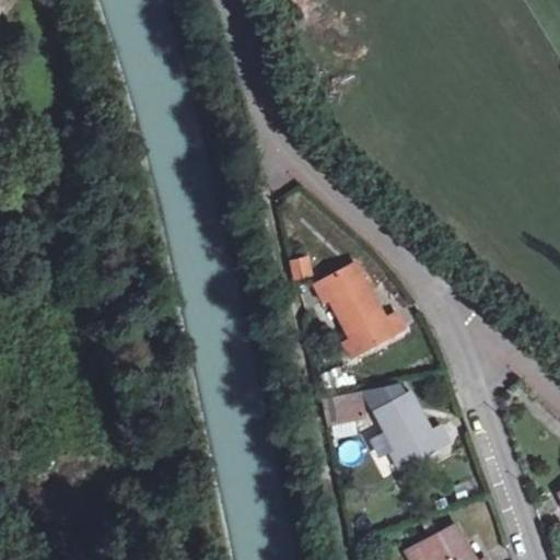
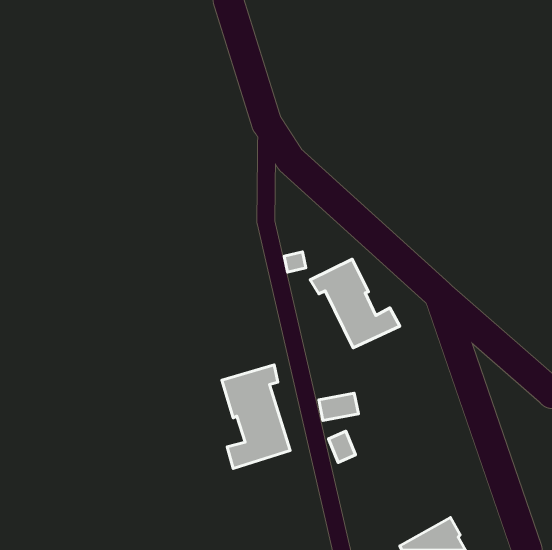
building: none -> [222,365,290,468]
building: [373,394,448,467] -> none

